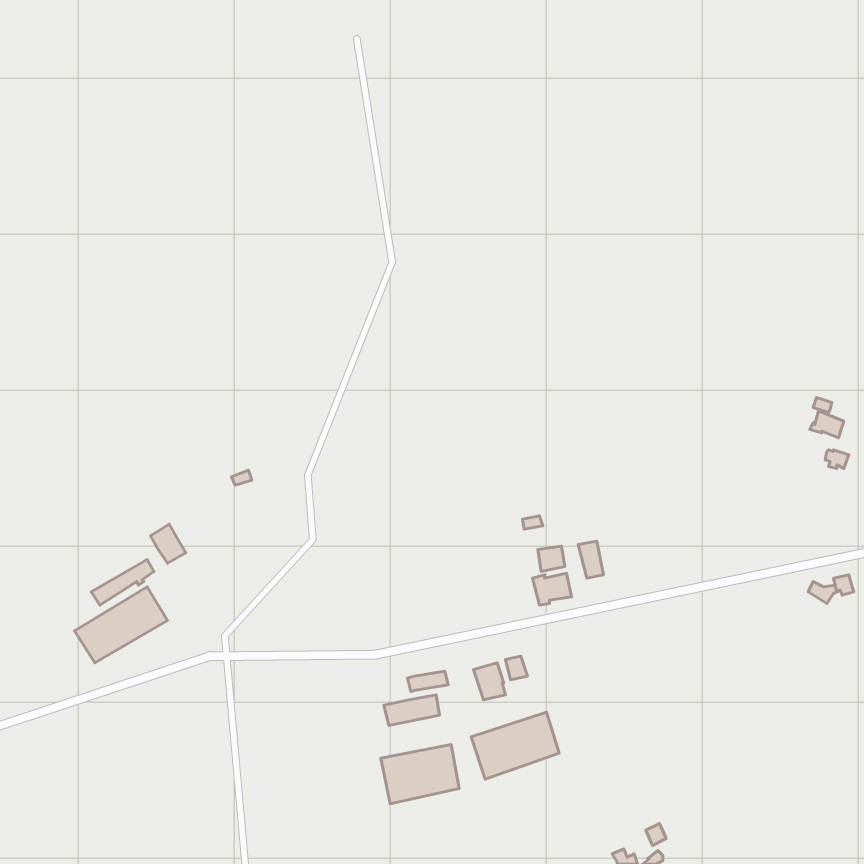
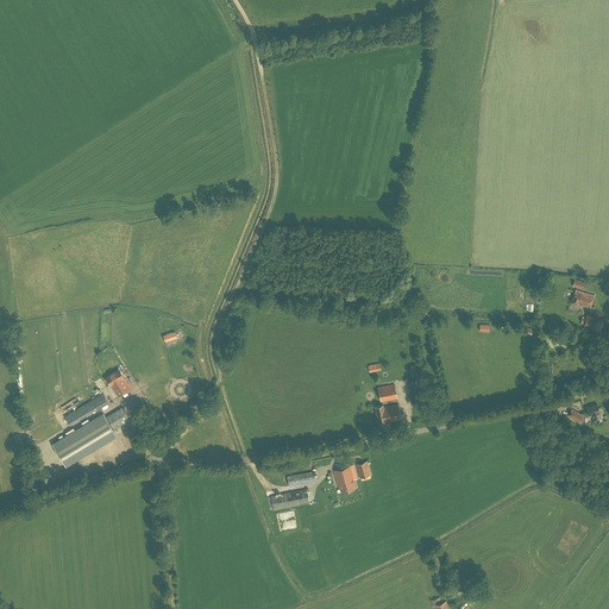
building: [471,712,559,779] -> none
building: [381,744,459,804] -> none

